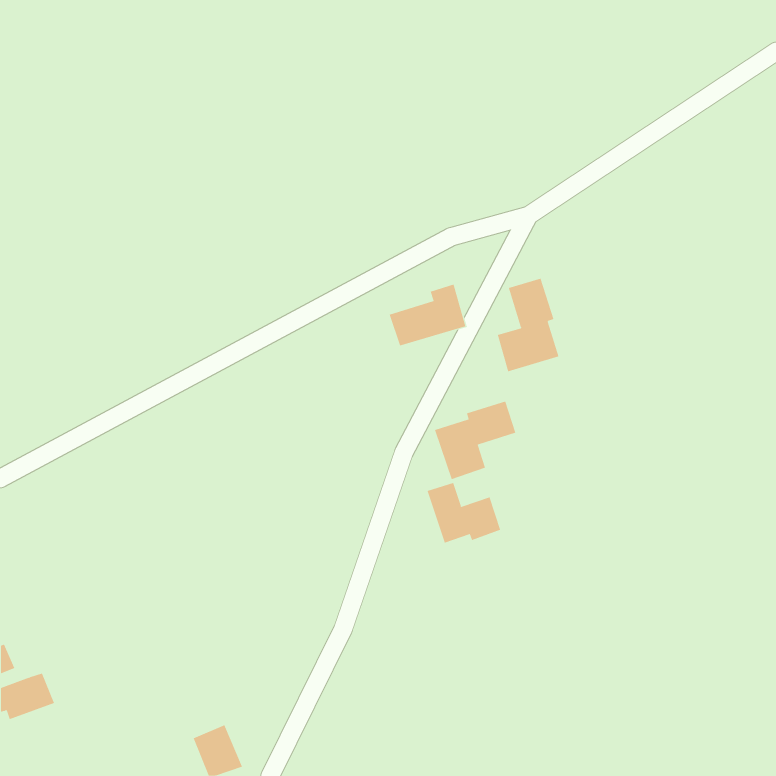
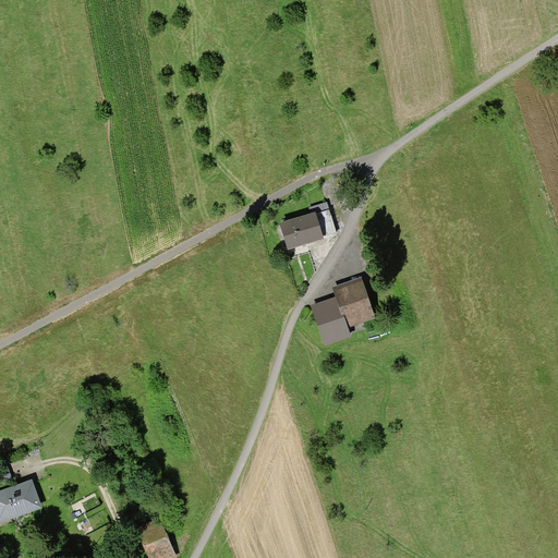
building: [497,278,559,372] -> none
building: [427,482,501,544] -> none

